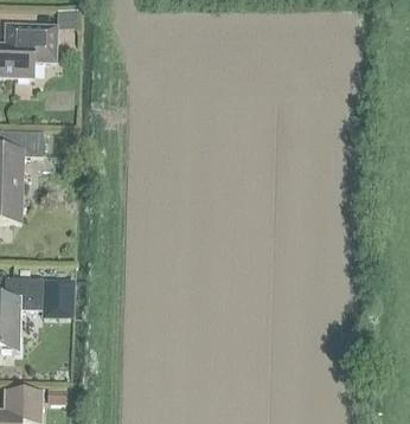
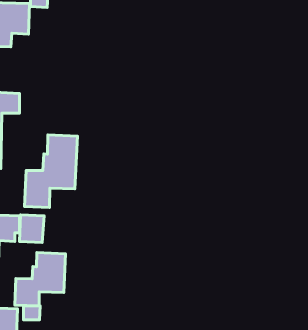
building: none -> [25,135,77,207]
building: none -> [15,253,66,306]

